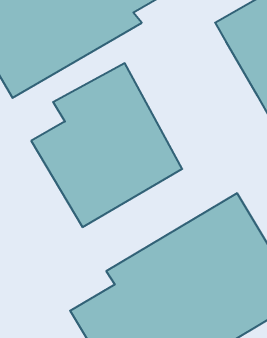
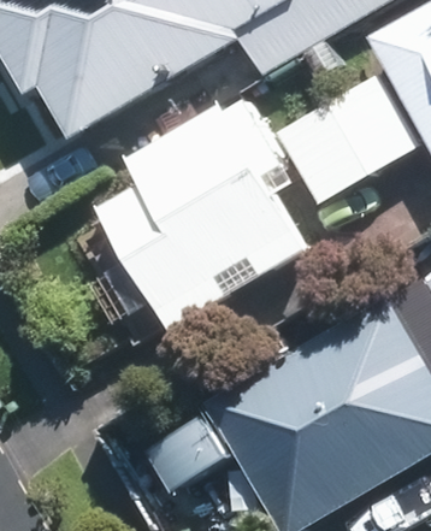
building: none -> [265,71,405,202]

